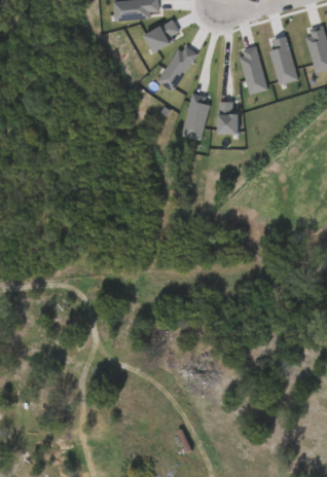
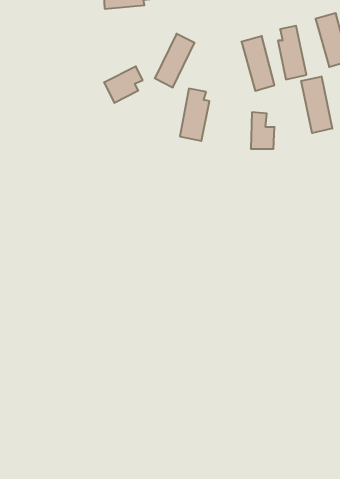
building: [143,20,178,52] -> [104,66,143,103]
building: none -> [301,76,332,133]
building: [217,101,239,134] -> [251,112,275,149]

